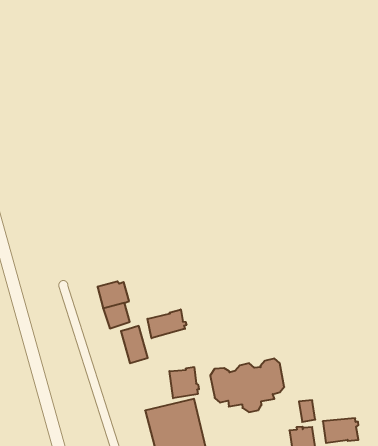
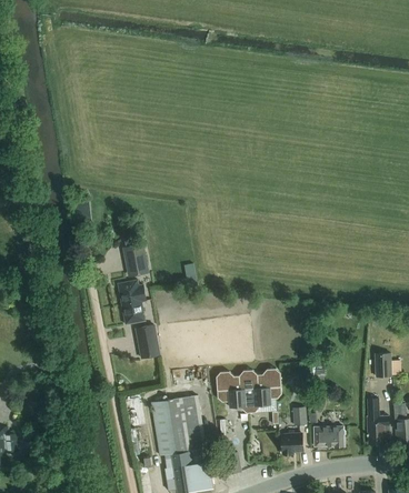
building: none -> [122,243,149,275]
building: [147,309,186,338] -> none
building: [169,367,199,398] -> none

